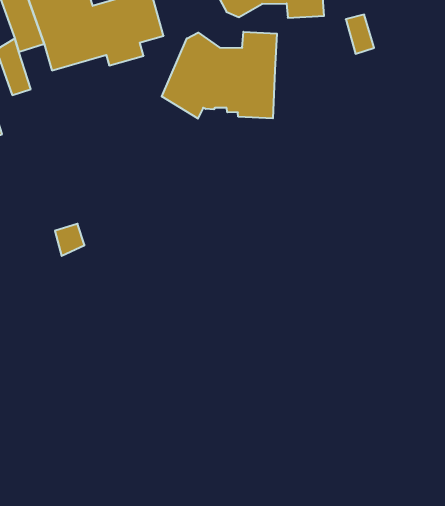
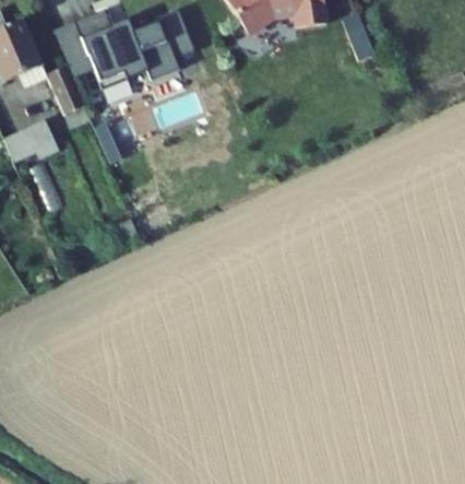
building: [162,32,277,119] -> none

